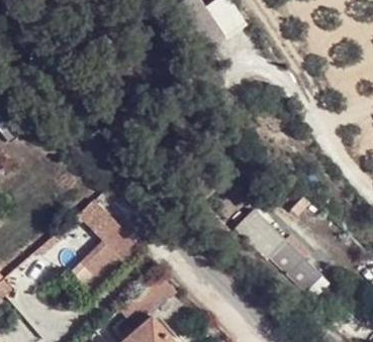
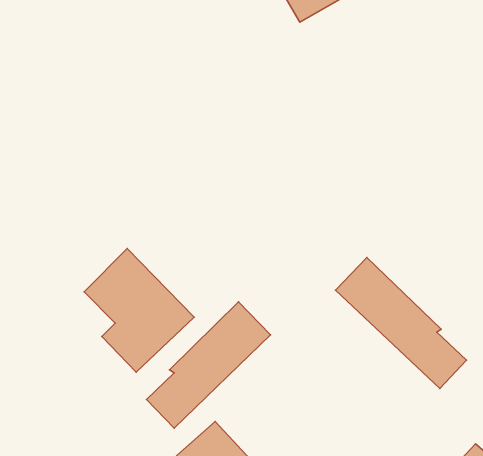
building: none -> [147,302,271,428]

